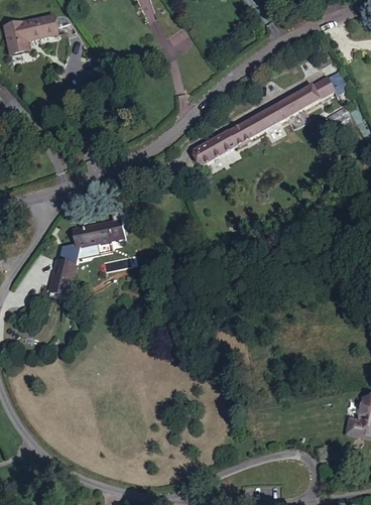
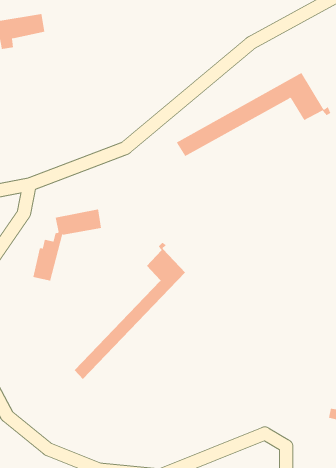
building: none -> [74,242,186,380]

